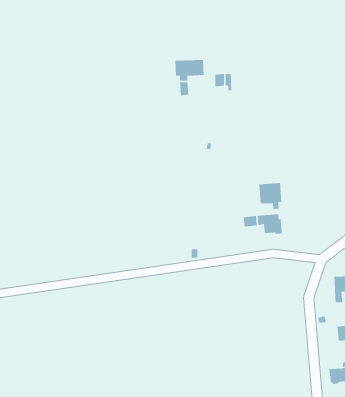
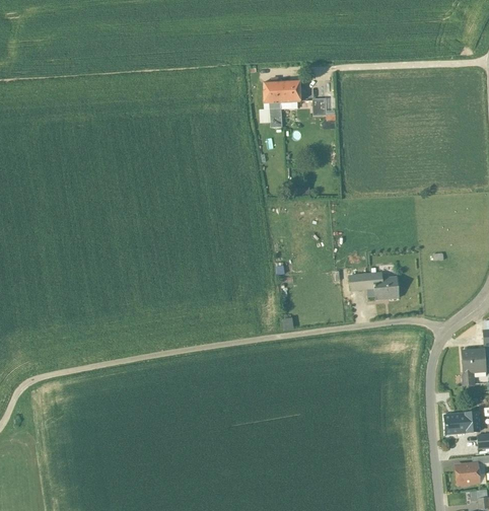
building: [259,182,282,210] -> none
building: none -> [443,413,467,434]

